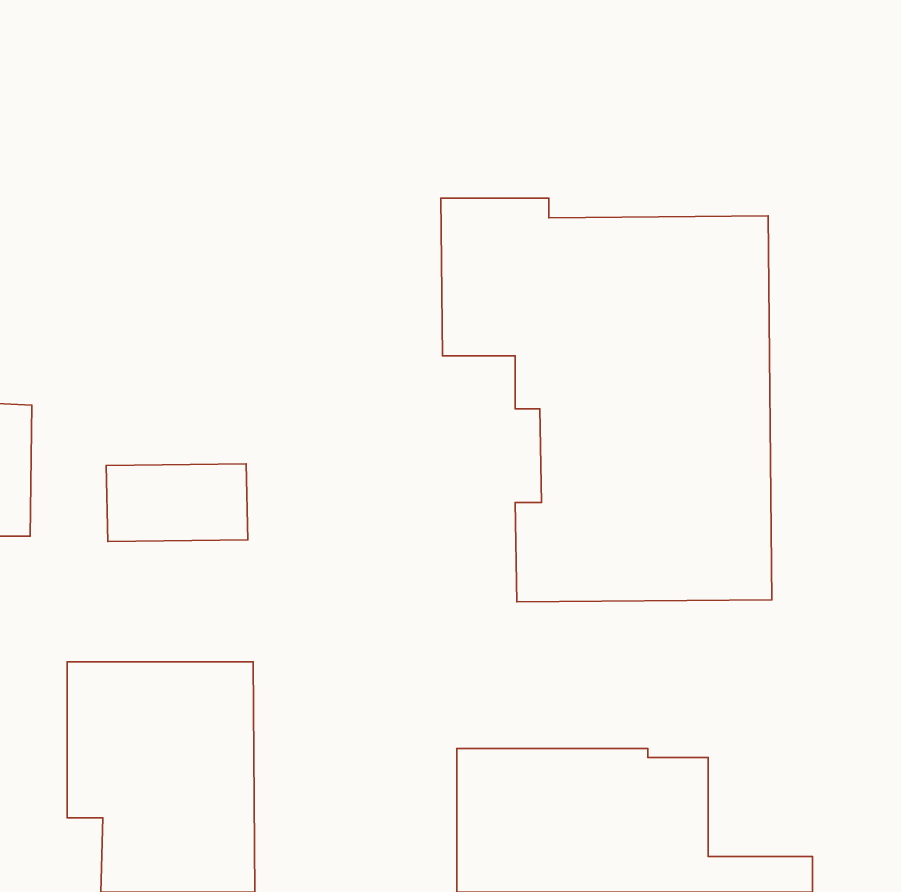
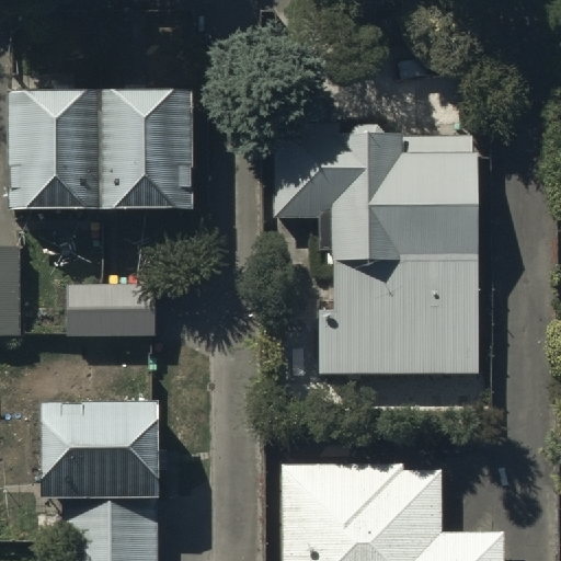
building: none -> [10,99,193,218]

